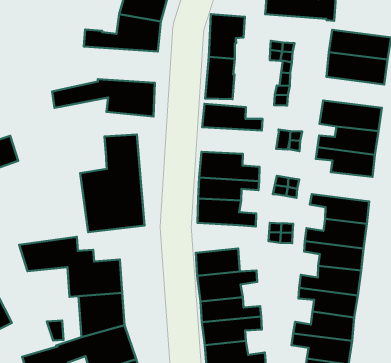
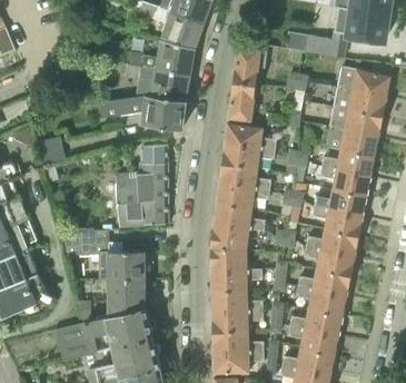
building: none -> [125,66,190,101]
building: none -> [329,107,383,137]
building: none -> [221,143,275,168]
building: none -> [314,189,367,217]
building: none -> [210,225,249,251]

